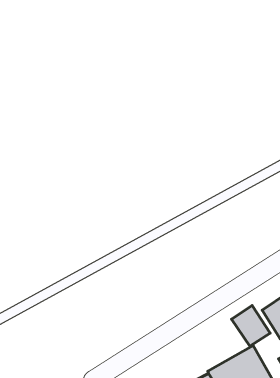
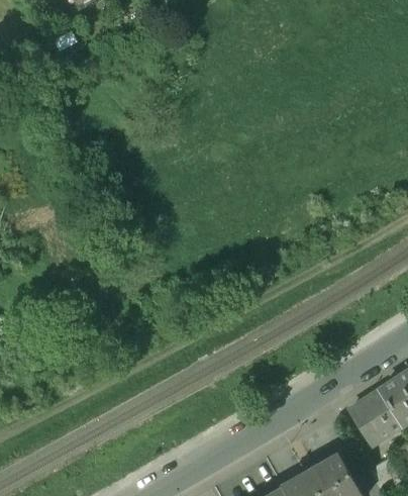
building: [231,305,270,346] -> none

